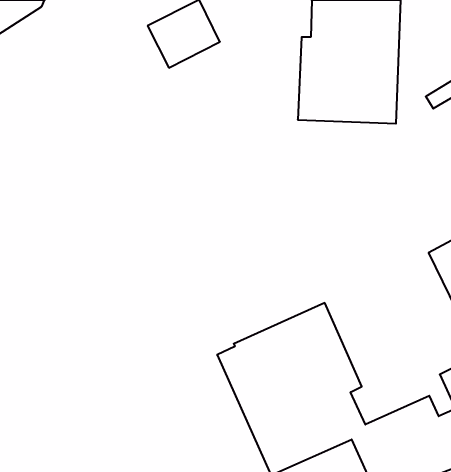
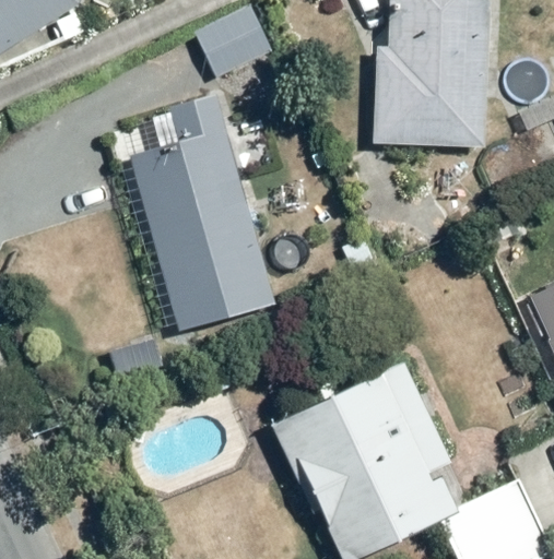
building: none -> [111,95,276,329]

